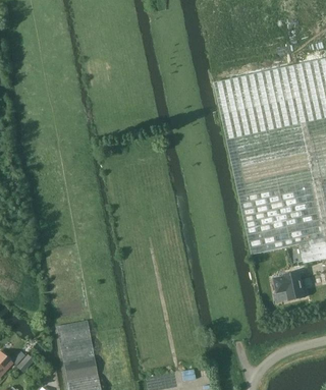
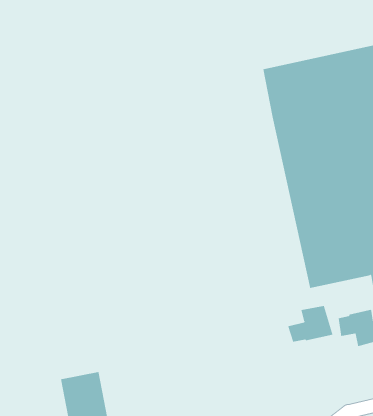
building: none -> [287,305,333,342]

